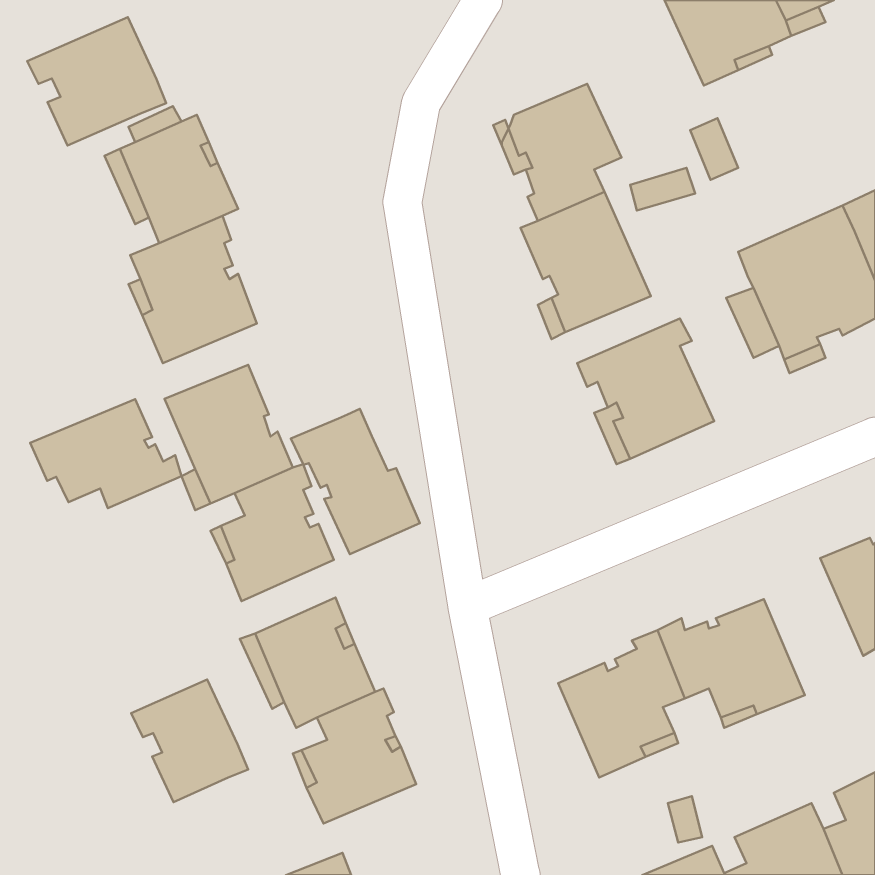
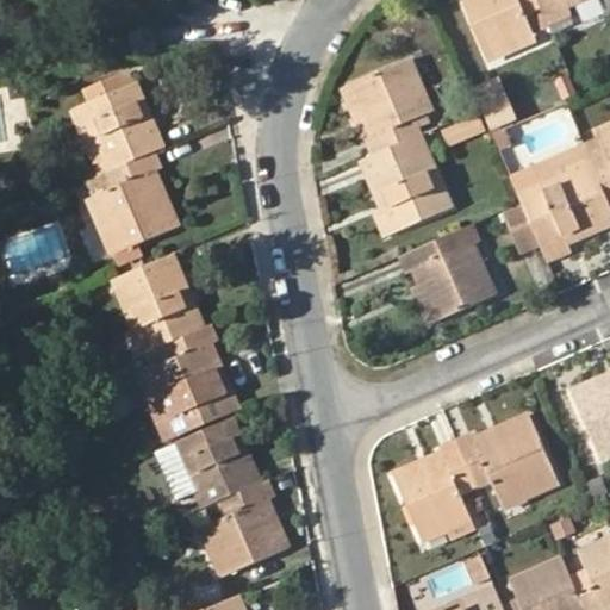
building: [27,17,166,146] -> none
building: [30,399,182,508] -> none
building: [291,409,420,554] -> none
building: [131,679,248,802] -> none

